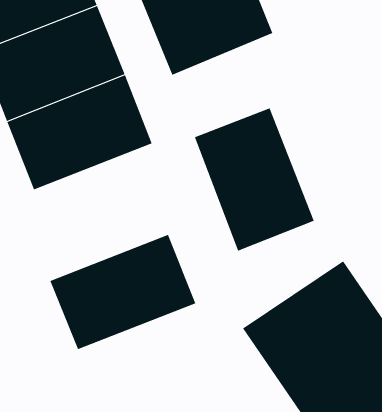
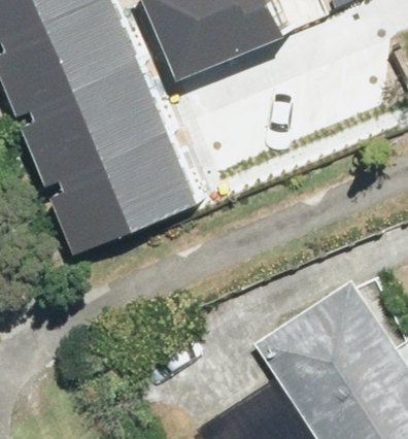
building: [194,107,315,251] -> none
building: [49,234,196,350] -> [45,146,192,262]

